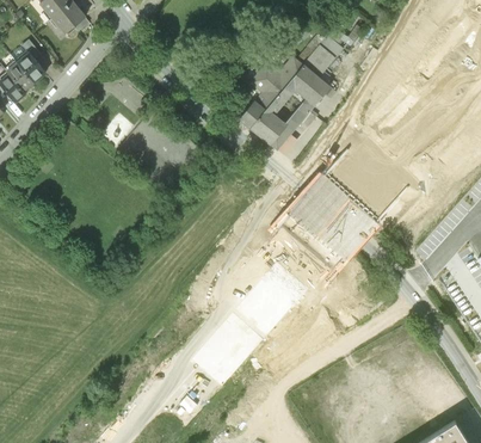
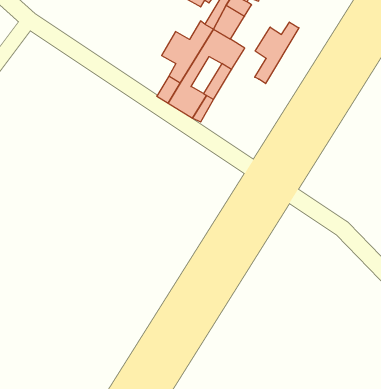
building: none -> [255,22,299,84]

